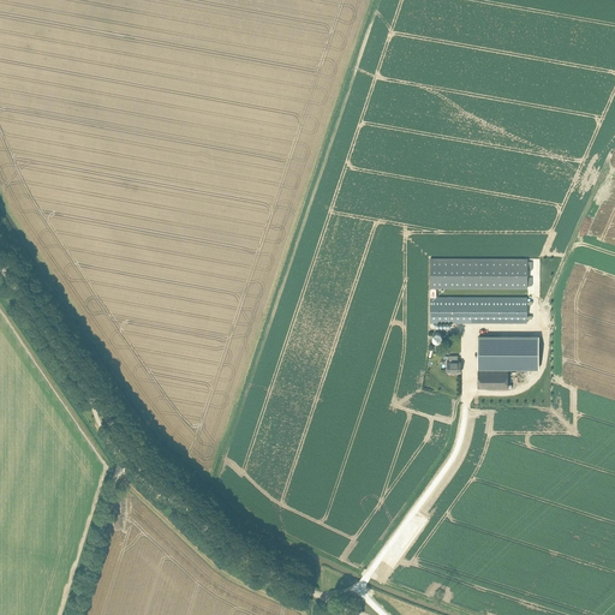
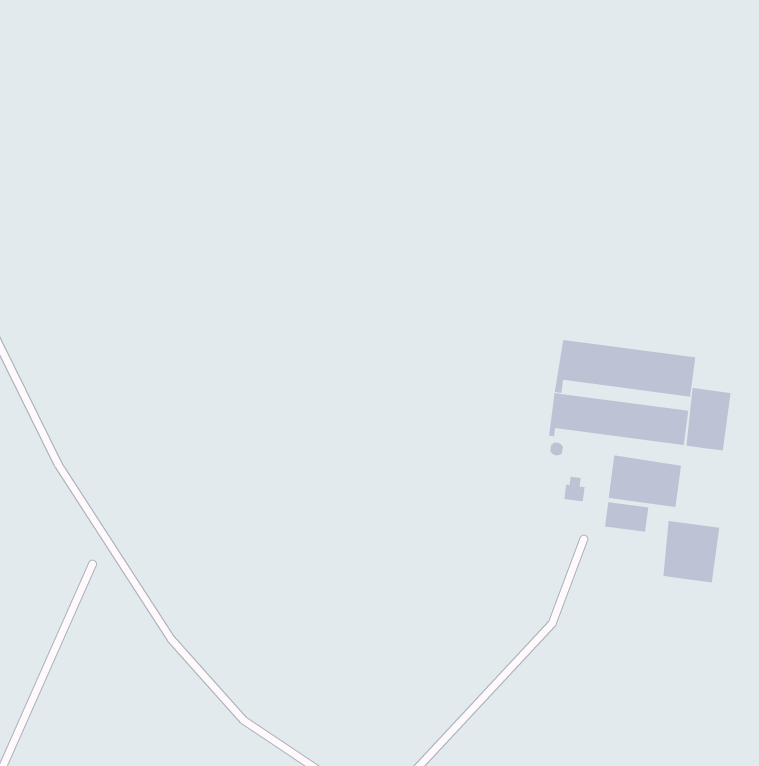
building: none -> [686,387,731,451]
building: none -> [663,520,720,583]

